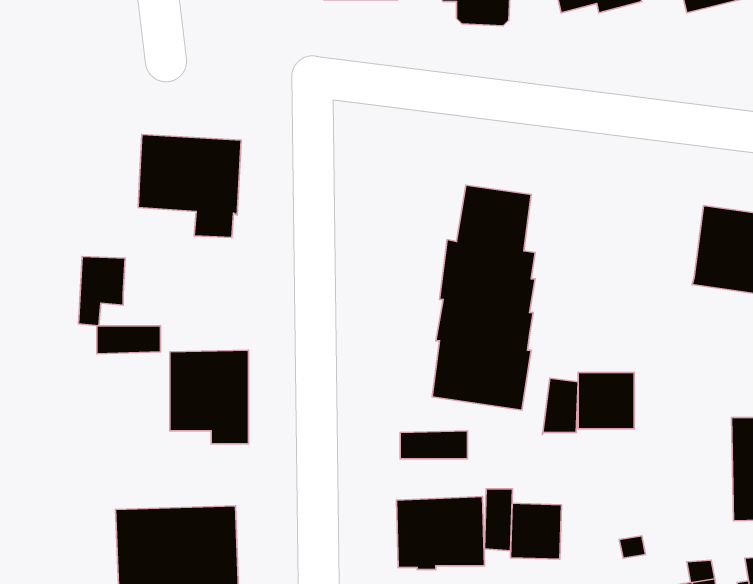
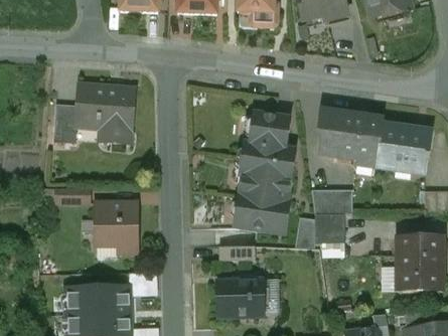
building: none -> [319,109,383,161]
building: [78,256,125,326] -> [53,104,79,141]
building: none -> [312,188,352,212]
building: [510,503,562,559] -> none

